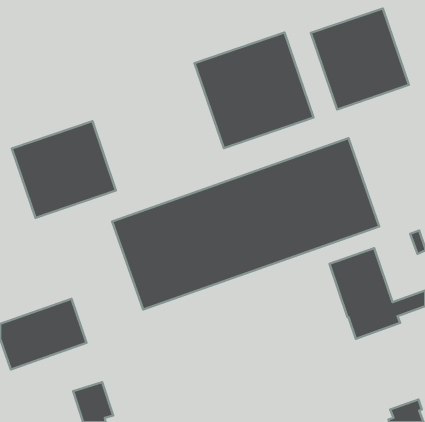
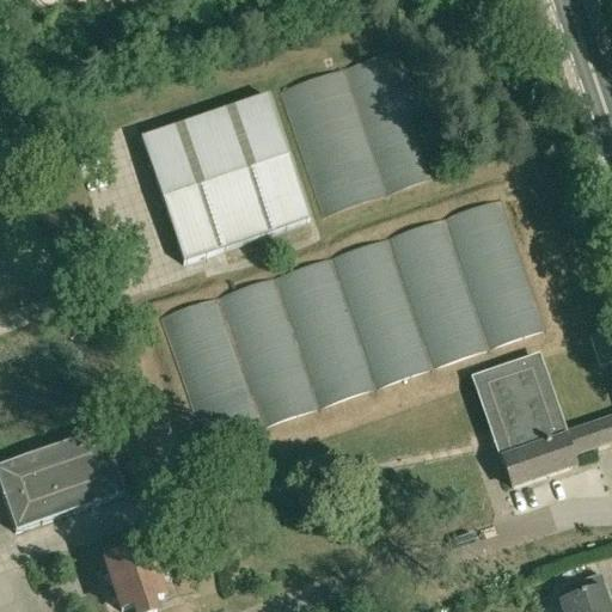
building: [311,8,409,109] -> none
building: none -> [140,93,310,263]
building: [12,121,116,218] -> none

